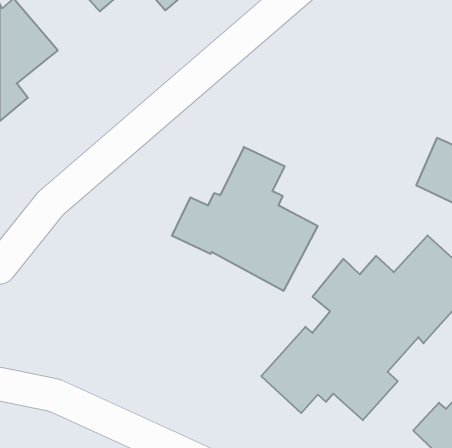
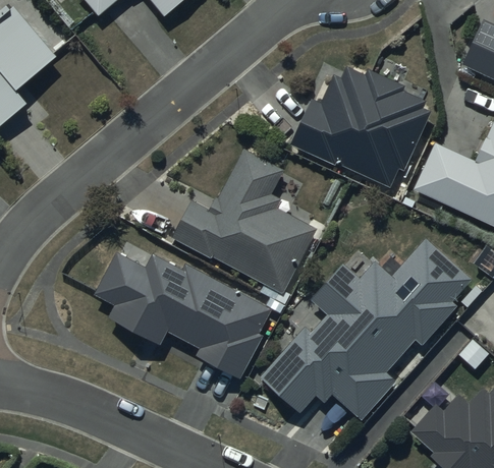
building: none -> [290,66,431,188]
building: none -> [93,251,270,378]

